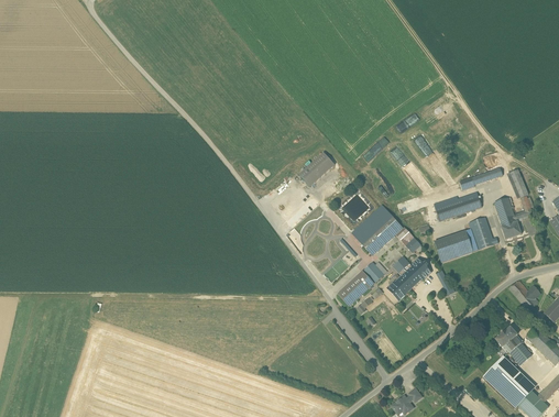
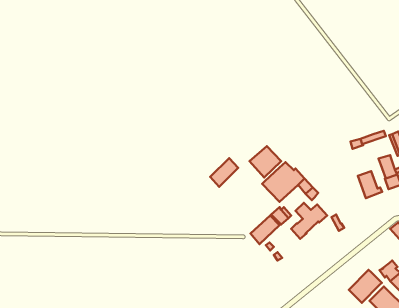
building: [300,153,335,188] -> [210,158,238,187]
building: [434,193,482,221] -> none
building: [435,231,473,263] -> none
building: none -> [349,270,382,303]

